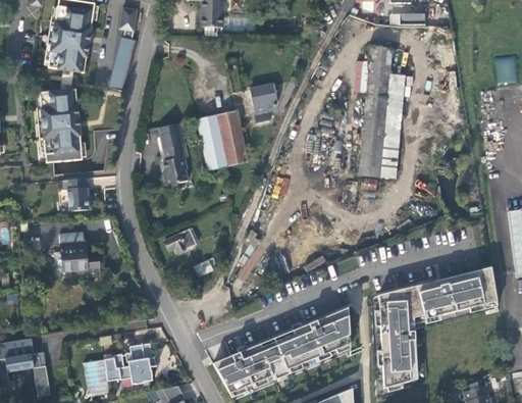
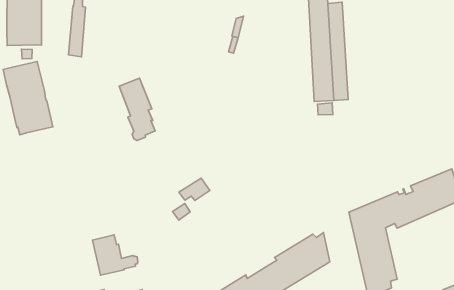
building: [250,84,277,123] -> none
building: [197,110,248,169] -> none
building: [61,178,92,210] -> none
building: [164,230,197,252] -> [179,178,210,201]
building: [59,232,103,271] -> [92,235,138,275]

